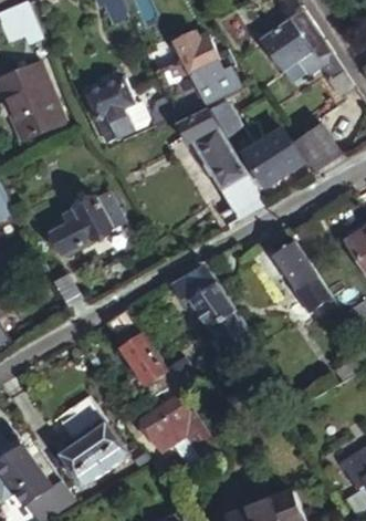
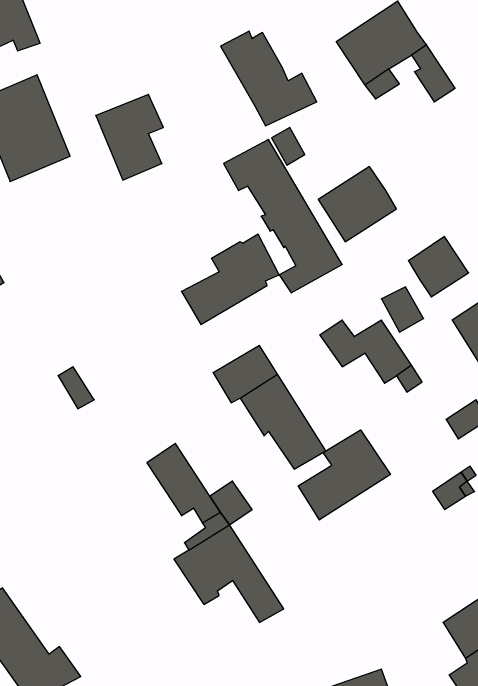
building: [297,129,342,174] -> [408,237,469,297]
building: [51,188,123,254] -> [181,234,279,325]
building: none -> [298,430,390,520]
building: [53,396,127,486] -> none

